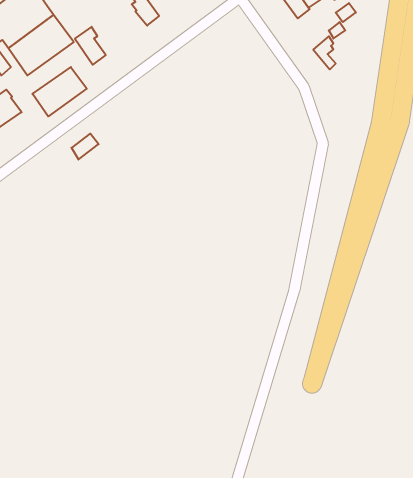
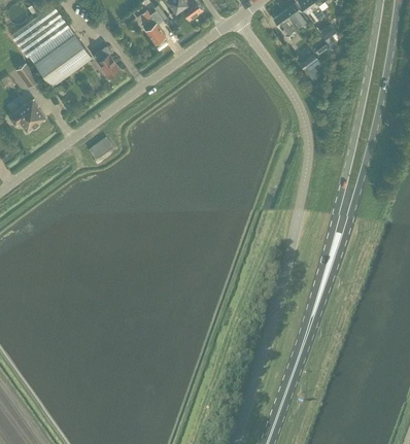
building: [32,67,87,116] -> none

